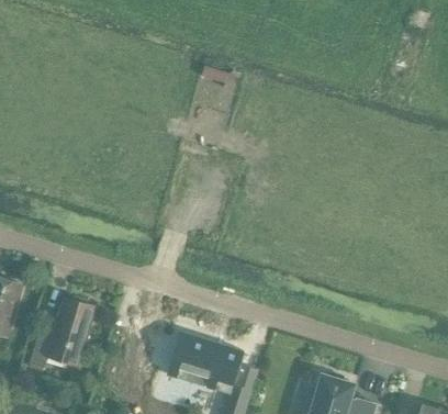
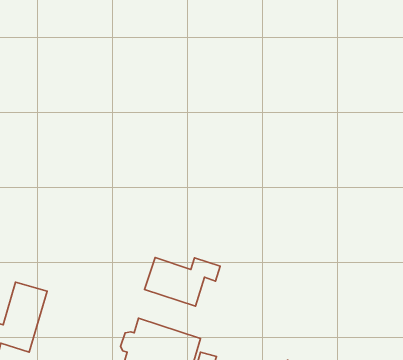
building: none -> [145,258,220,306]

